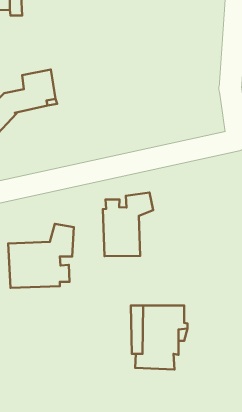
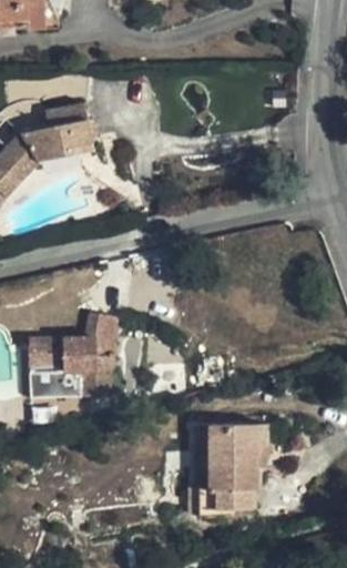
building: [103,193,153,256] -> none

